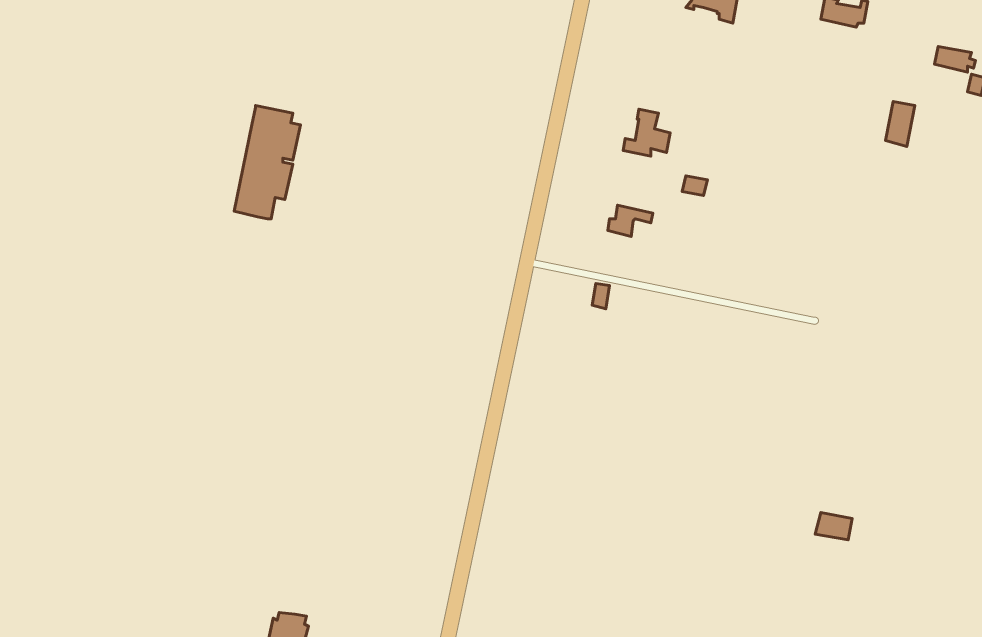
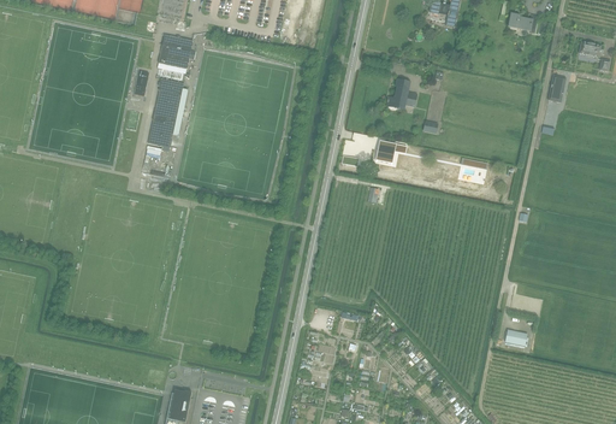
building: none -> [159,34,194,67]

